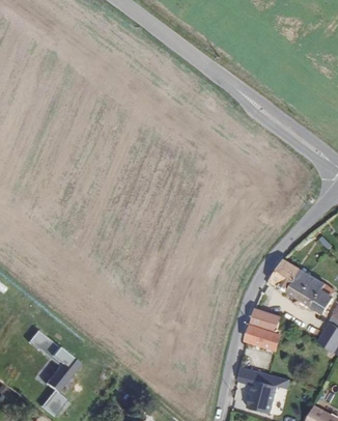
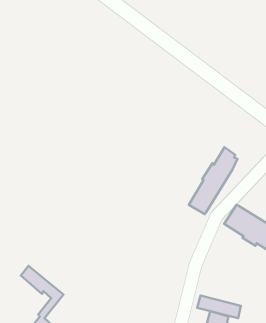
building: none -> [189,147,237,214]
building: [247,309,281,350] -> none

